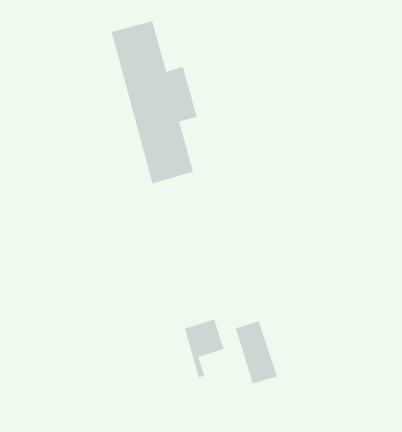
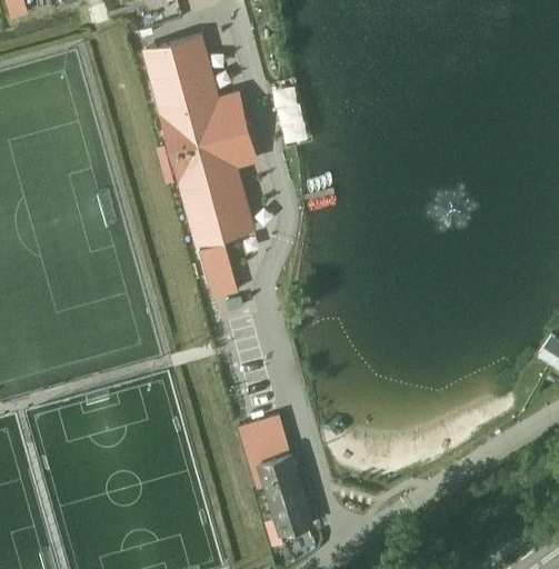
building: none -> [200,242,238,299]
building: [235,320,278,384] -> [258,455,312,536]

